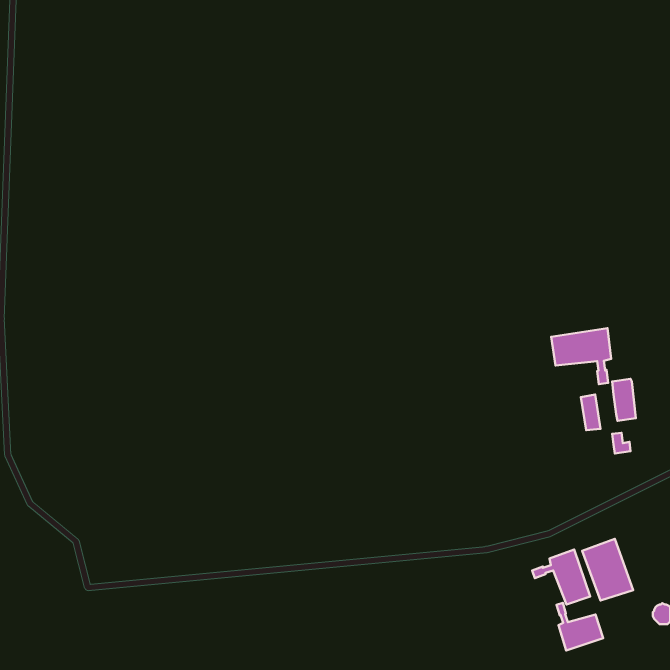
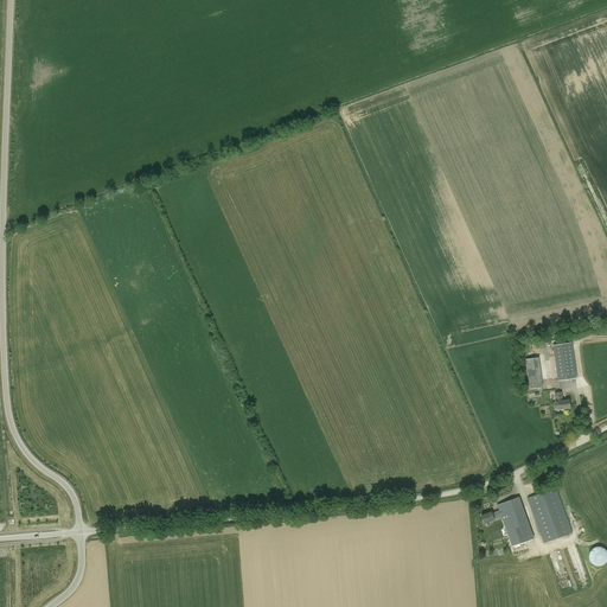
building: [551,328,611,384] -> none
building: [557,603,603,650] -> none

